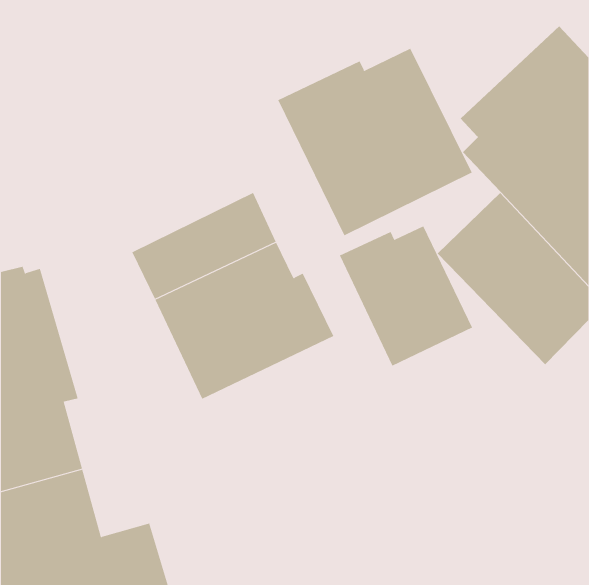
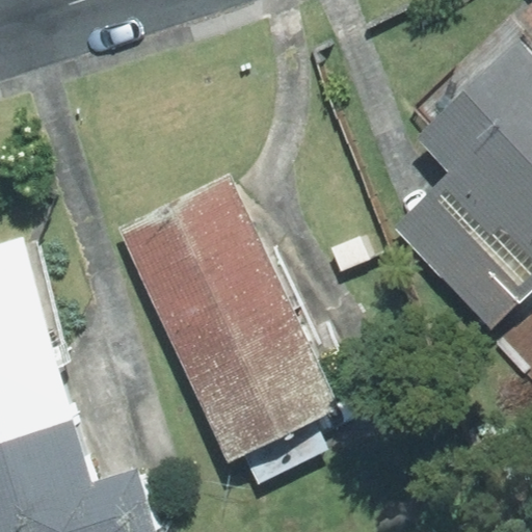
building: [278,48,472,236] -> none
building: [339,226,473,367] -> none
building: none -> [182,307,340,462]

